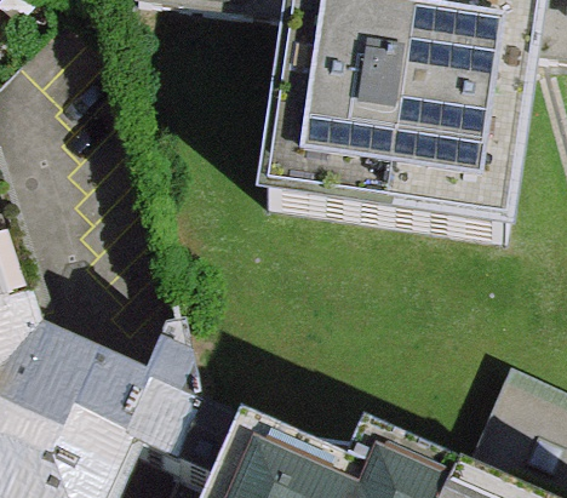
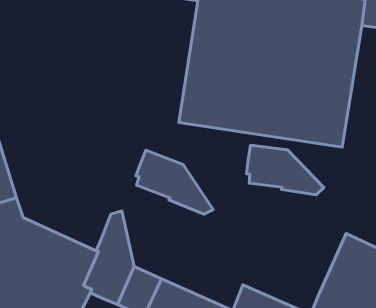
building: none -> [246,145,324,195]
building: none -> [136,150,213,214]

